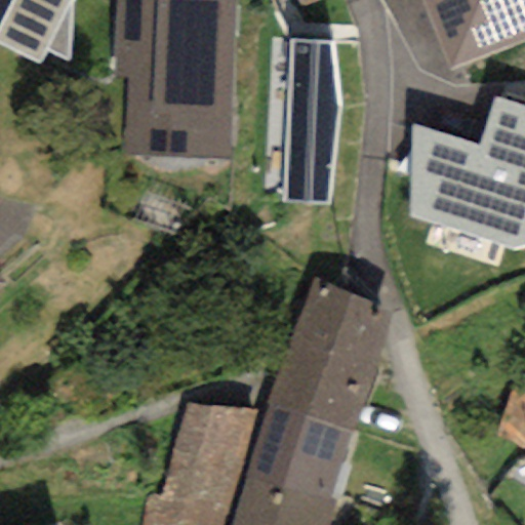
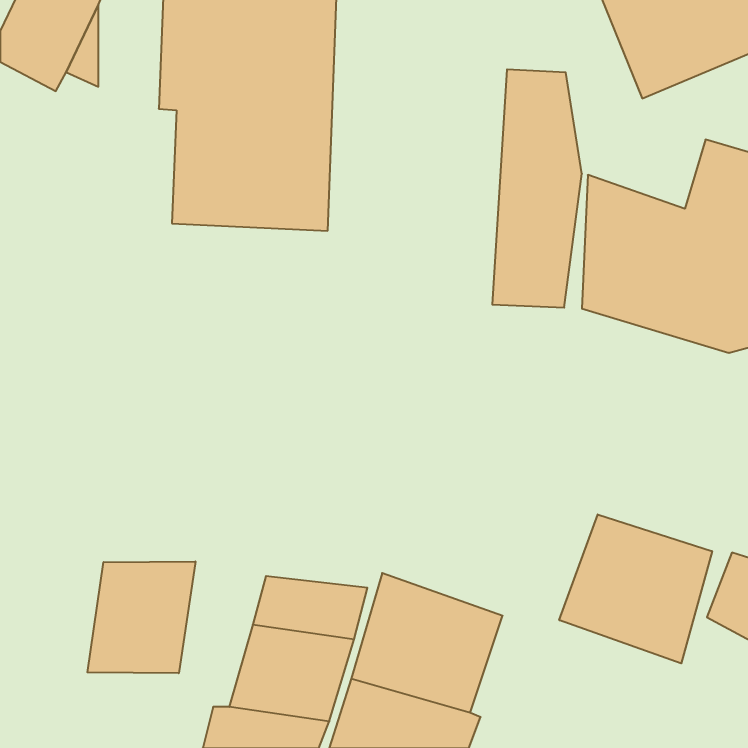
building: [281,37,344,203] -> [492,69,582,308]
building: [269,280,393,430] -> none
building: none -> [559,514,712,663]
building: none -> [87,561,195,673]

